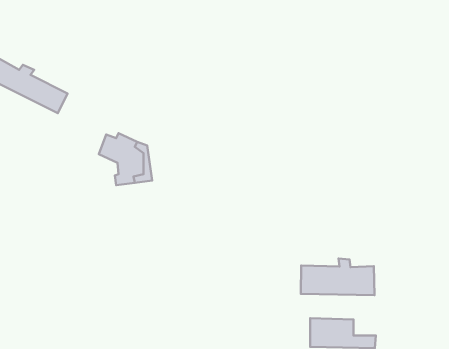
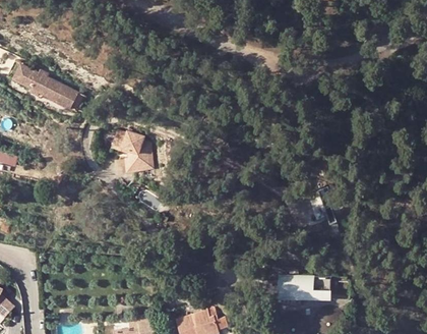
building: [301,259,374,295] -> none

